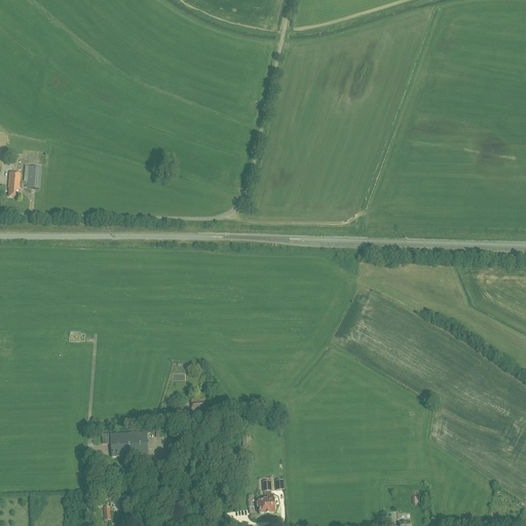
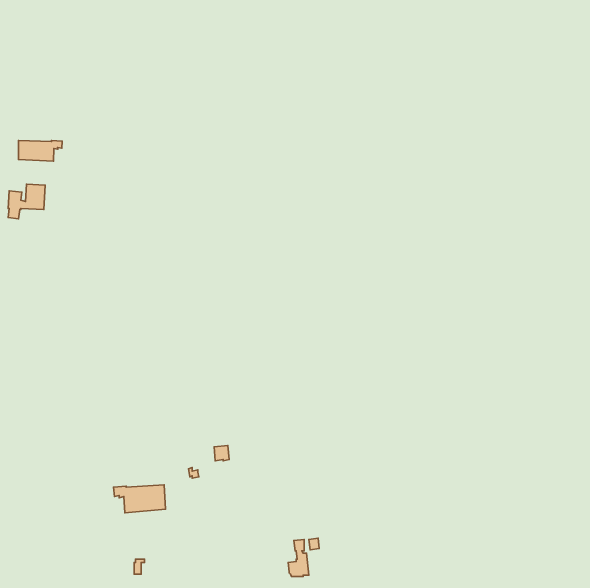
building: none -> [18,141,62,161]

